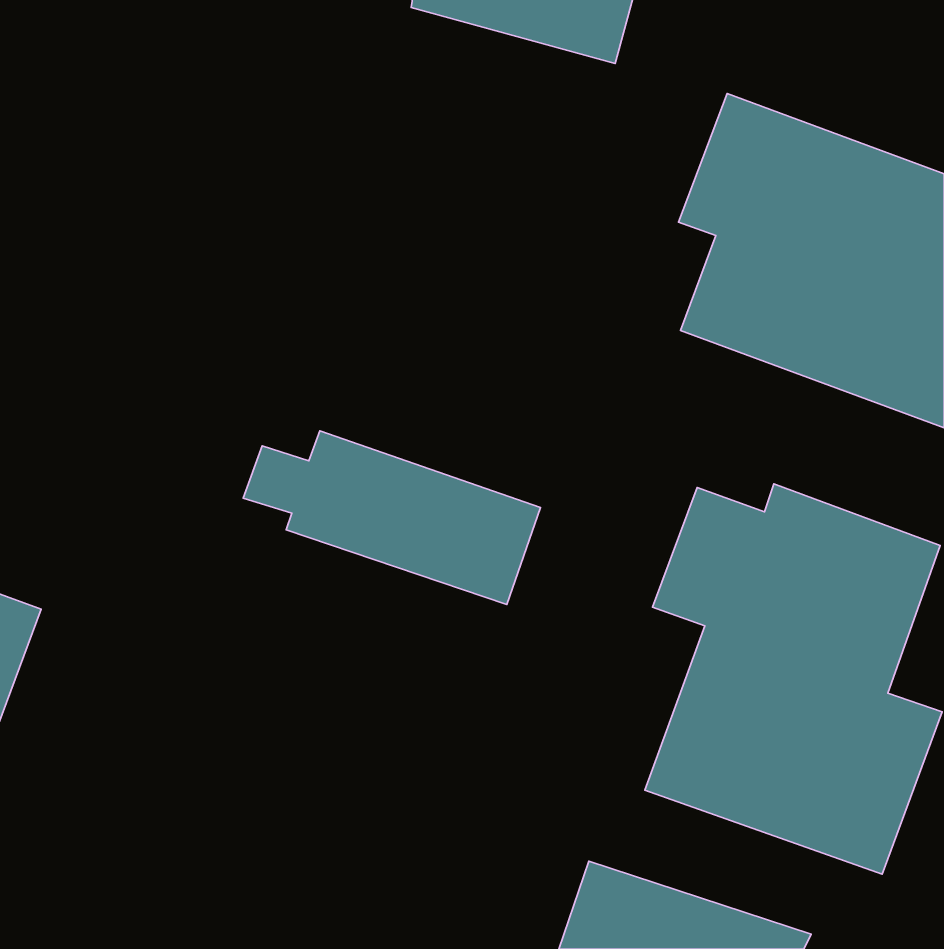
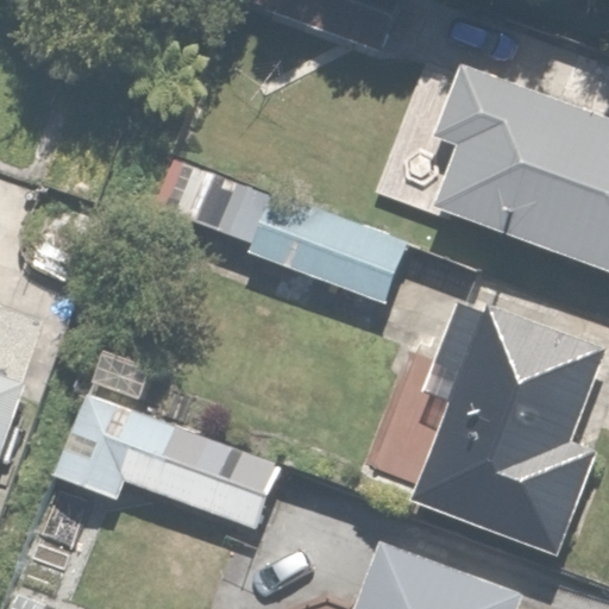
building: [243,431,541,605] -> [214,186,403,296]
building: none -> [54,393,281,526]

